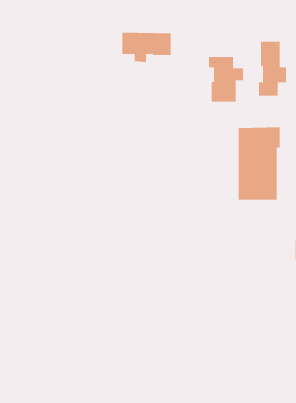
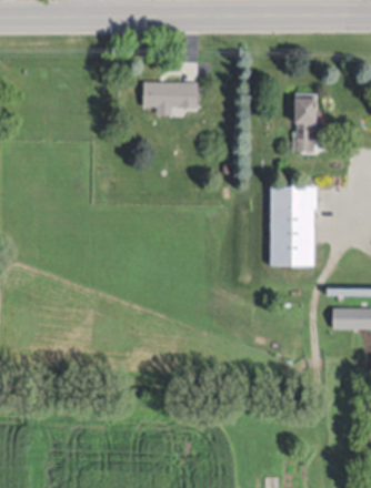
building: [209,56,244,102] -> none

